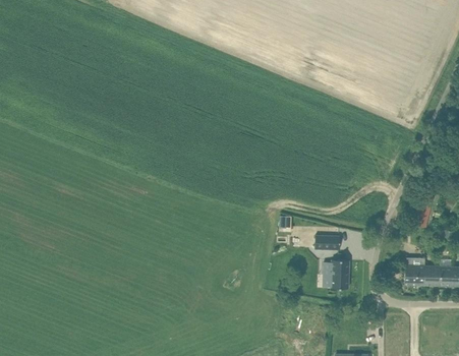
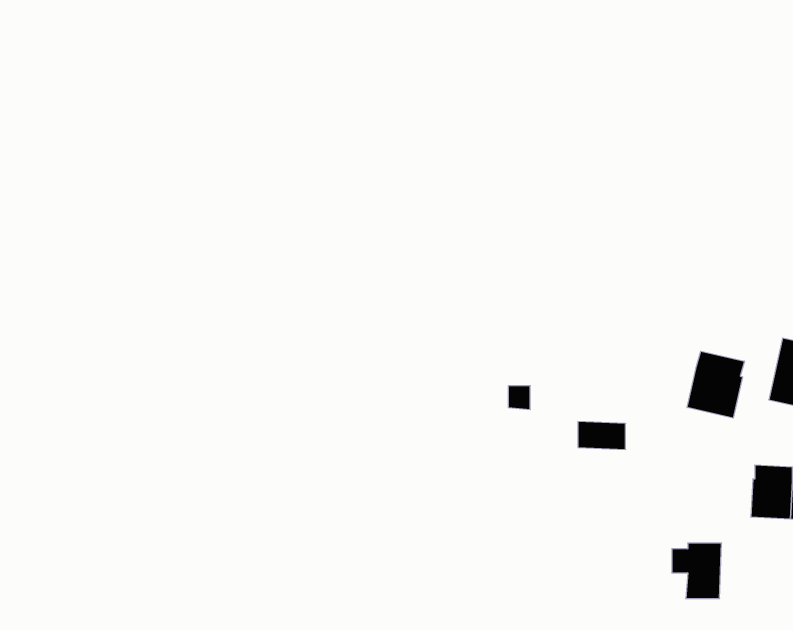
building: none -> [687,351,744,418]
building: [324,259,349,288] -> [672,543,722,599]

